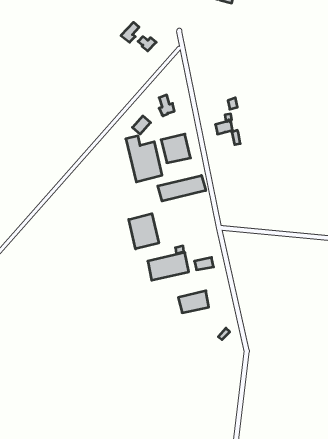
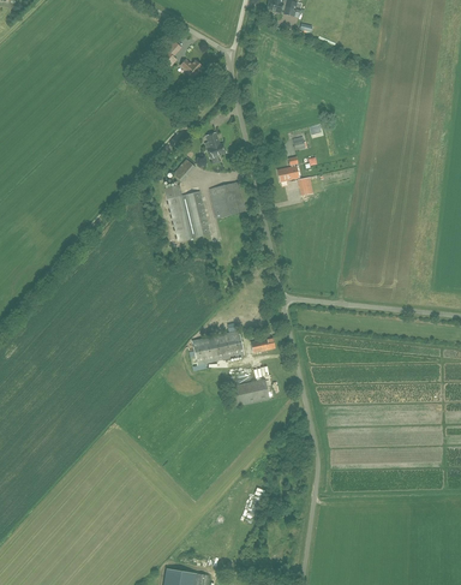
building: [158,175,206,201] -> none
building: [129,214,159,249] -> none

